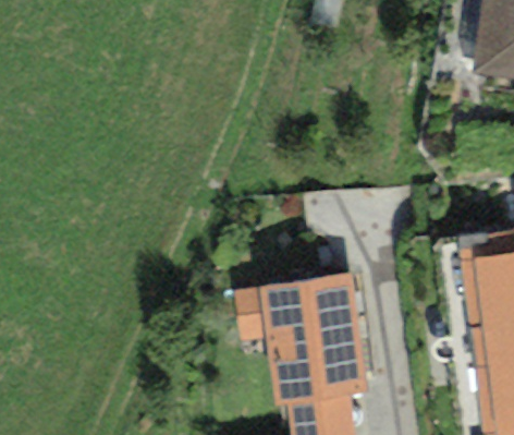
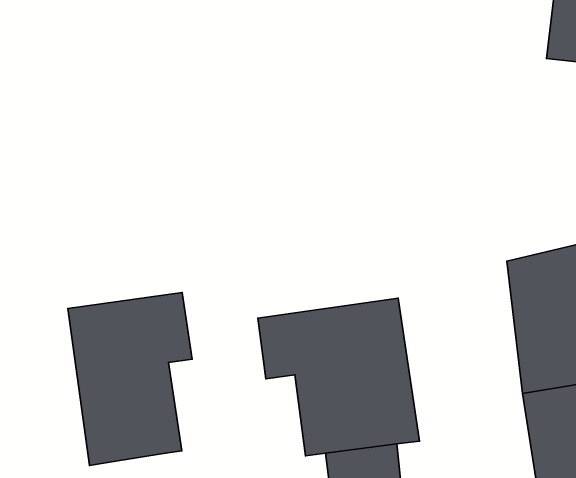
building: none -> [68,292,192,466]

